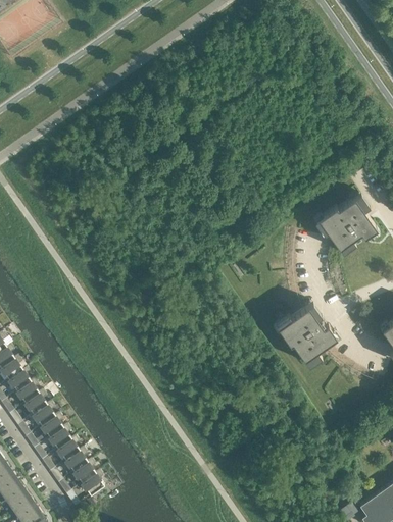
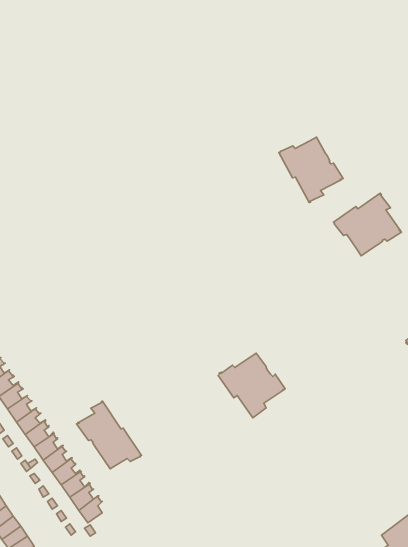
building: none -> [279,137,343,202]
building: [275,305,336,364] -> [218,353,285,418]
building: none -> [77,401,142,469]

